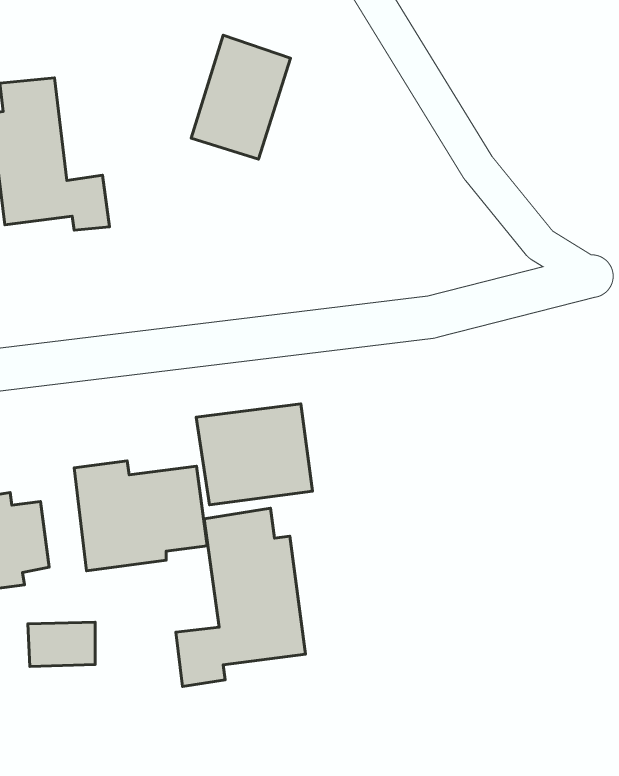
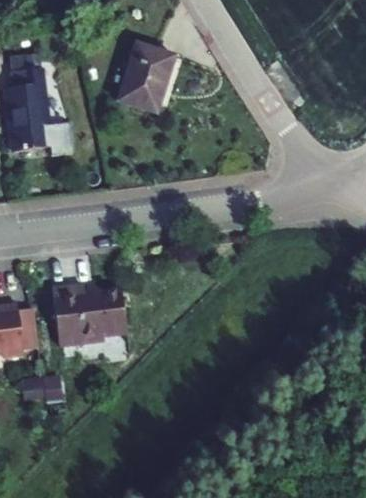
building: [196,404,313,505] -> none
building: [176,508,306,686] -> none

